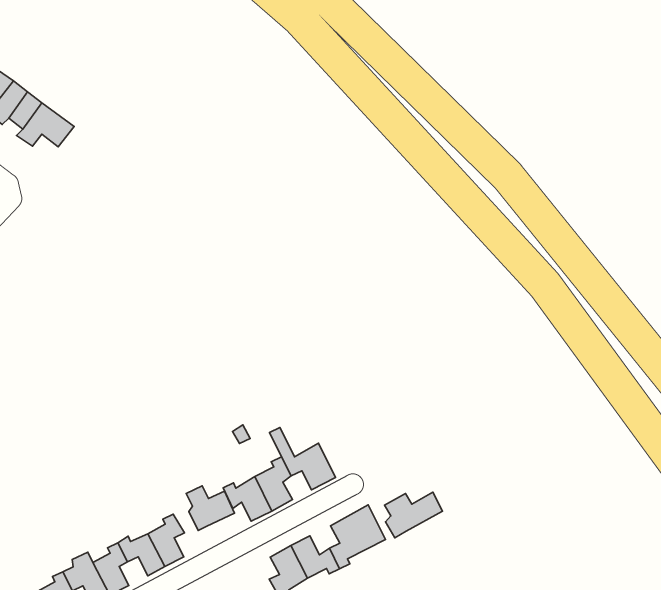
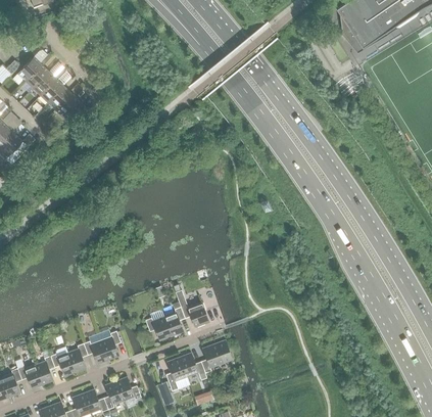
building: [186,486,235,531] -> none
building: [385,492,443,538] -> none

